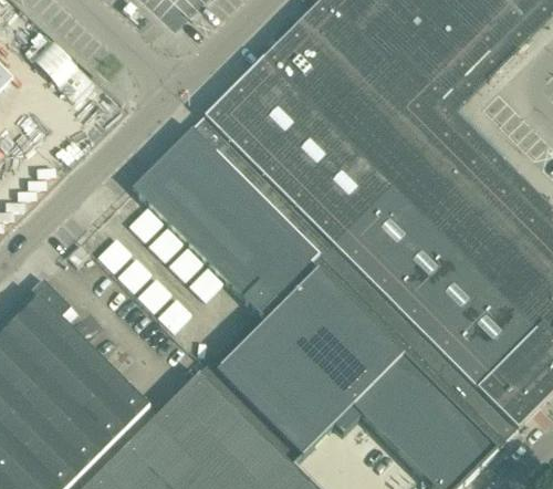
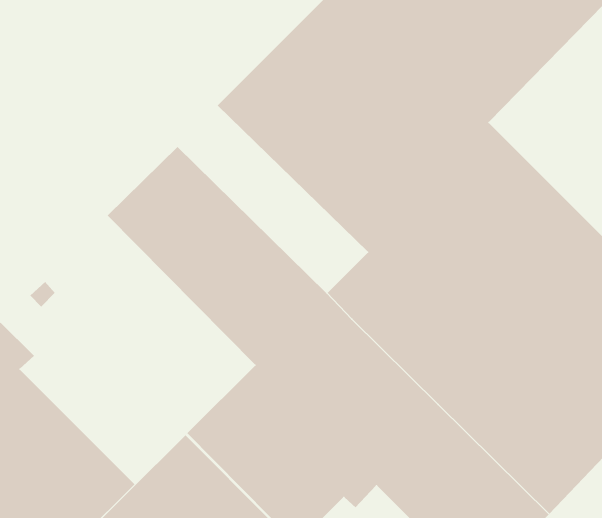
building: [191,93,352,251] -> none

